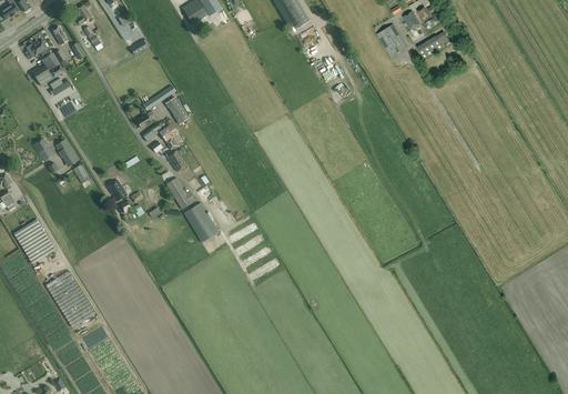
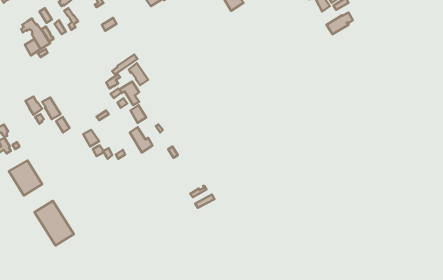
building: [376,23,407,57] -> none
building: [184,203,219,242] -> none

